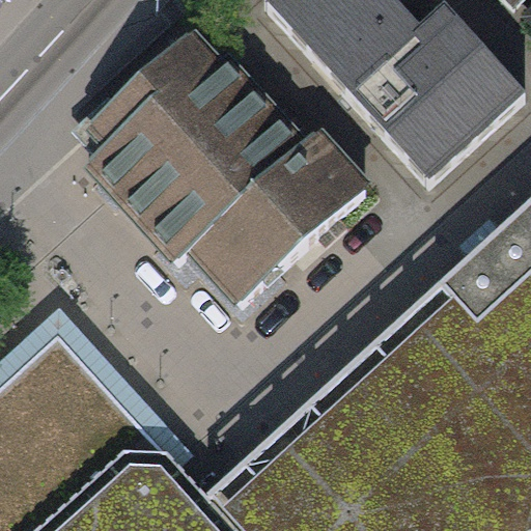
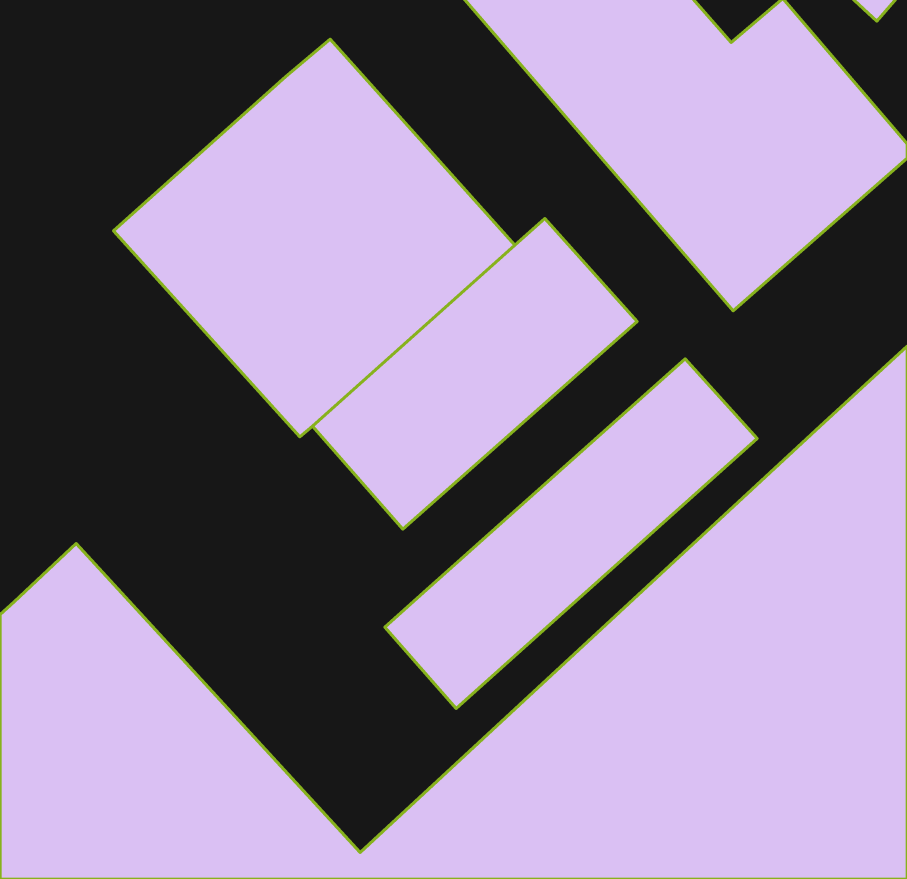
building: none -> [385,359,757,709]

